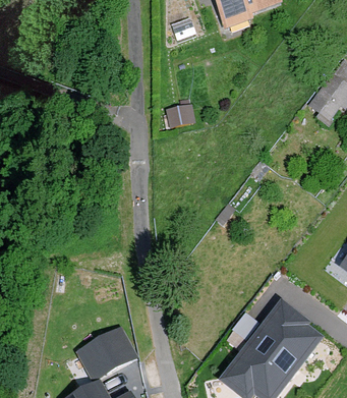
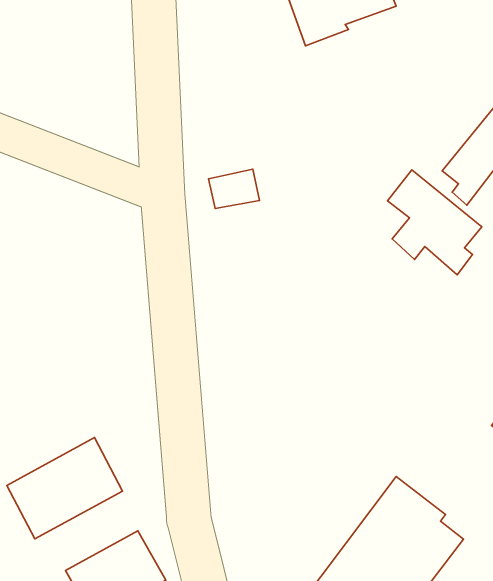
building: none -> [388,170,482,275]
building: none -> [7,438,123,539]

